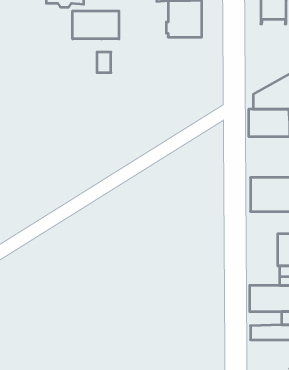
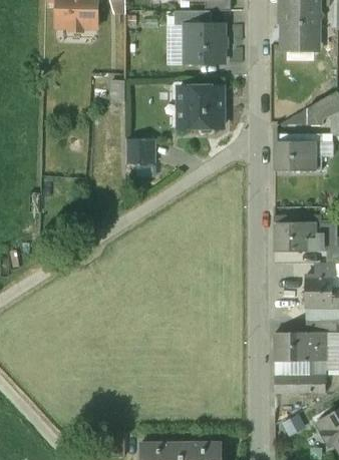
building: [73,11,119,39] -> none
building: none -> [178,88,223,134]
building: none -> [125,140,153,164]

